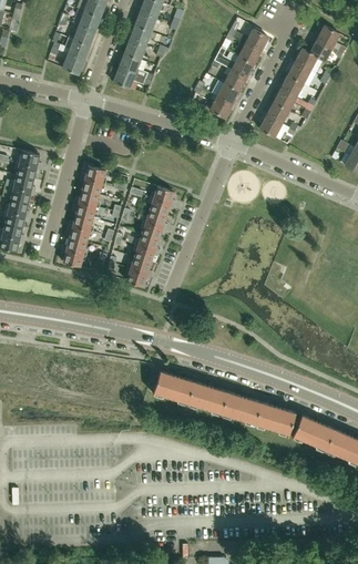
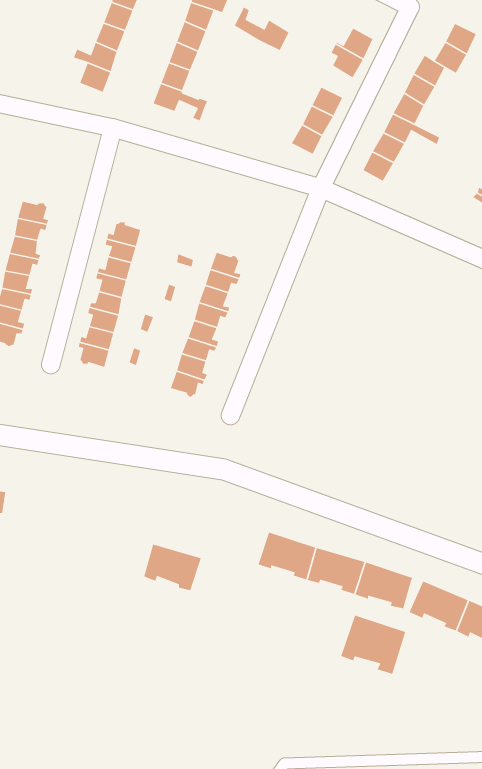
building: [214,48,253,79] -> [234,7,290,51]
building: [153,371,194,404] -> [143,544,202,591]
building: none -> [340,614,406,675]

